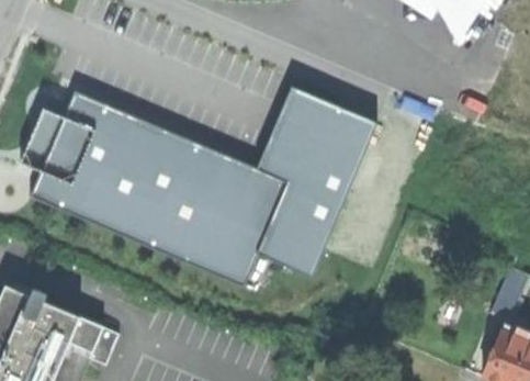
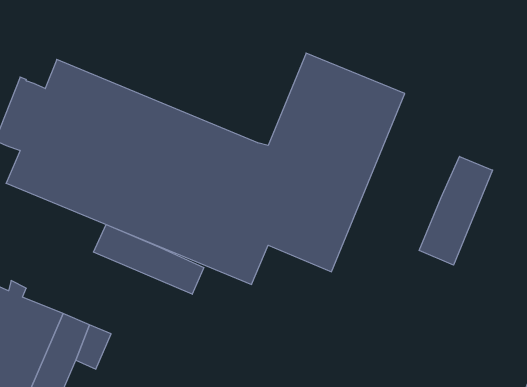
building: none -> [419,156,493,265]
building: none -> [94,225,204,294]

